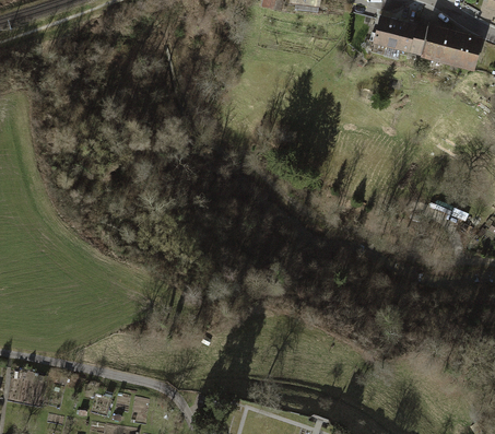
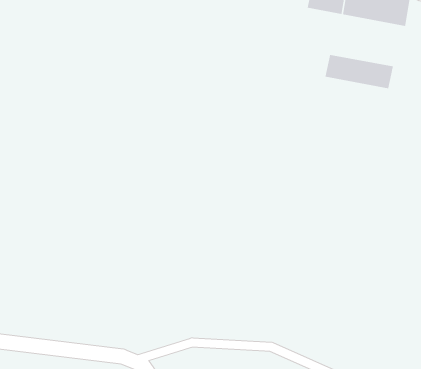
building: none -> [325,54,393,89]

